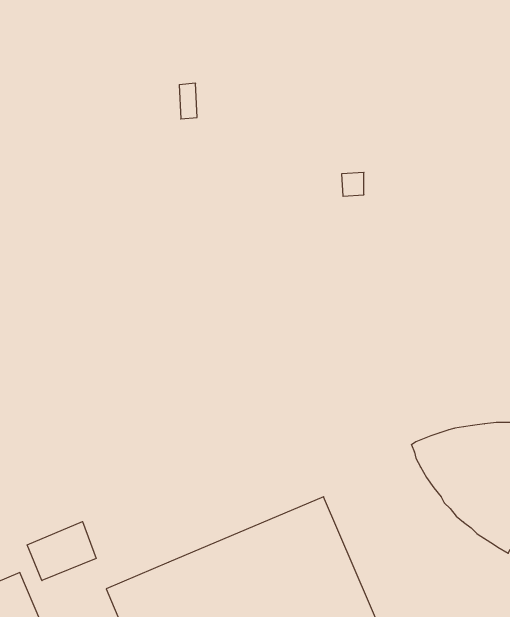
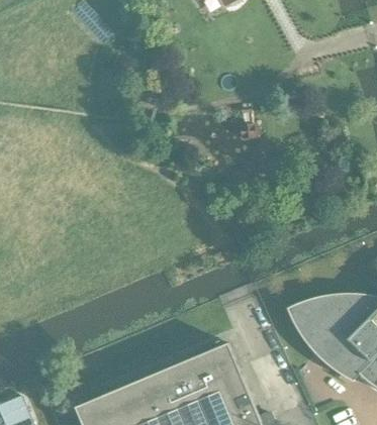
building: [27,522,96,581] -> none

